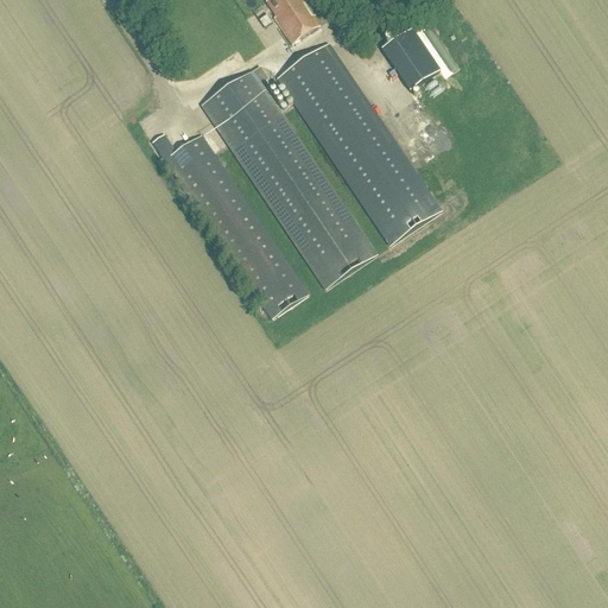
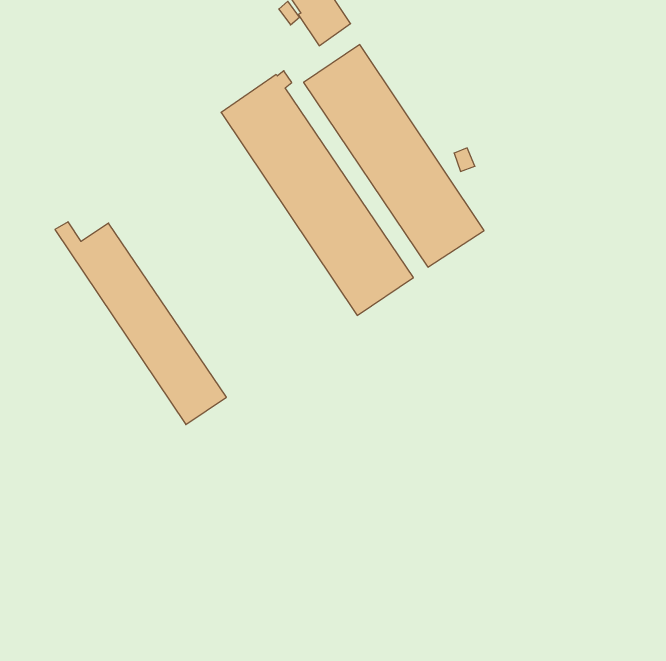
building: [380,25,438,88] -> none
building: [151,132,306,316] -> [55,222,226,425]

